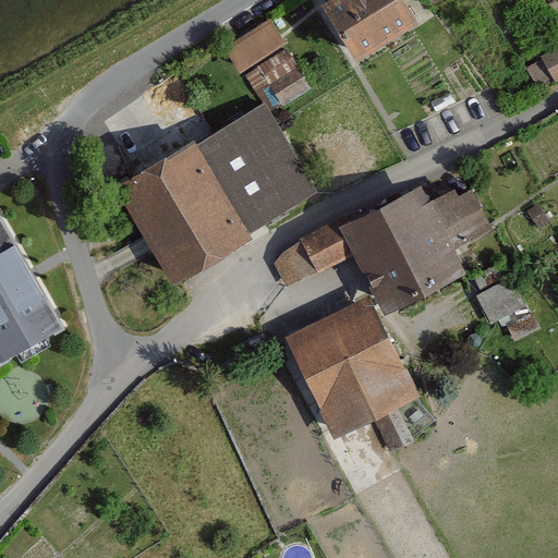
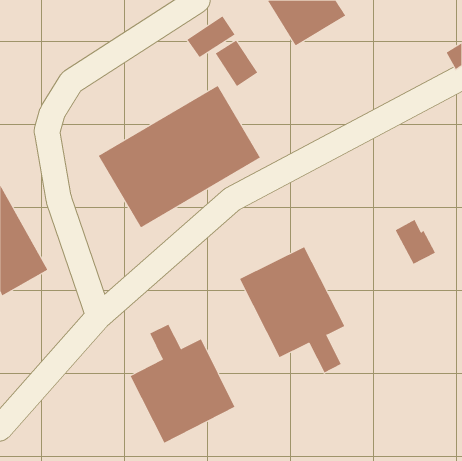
building: [280,190,489,312] -> none
building: none -> [130,324,235,443]

